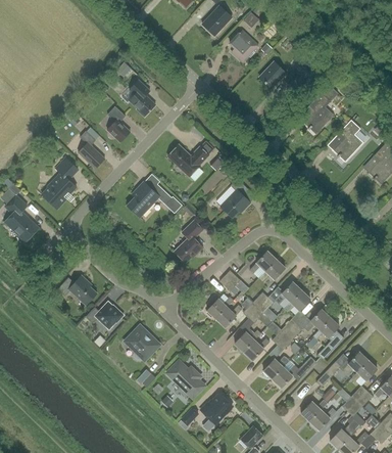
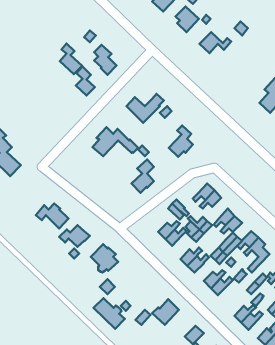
building: [302,85,337,134] -> none
building: [77,130,104,168] -> [60,44,82,74]
building: [42,156,79,208] -> none
building: [165,359,204,397] -> [93,298,125,329]

